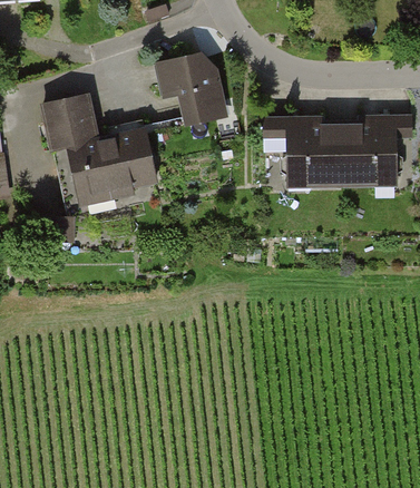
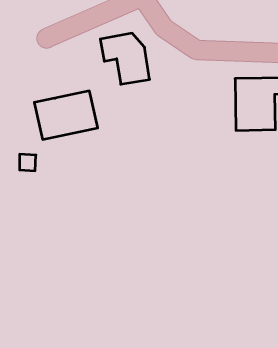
building: [40,95,97,152] -> none
building: [263,115,342,186] -> none

